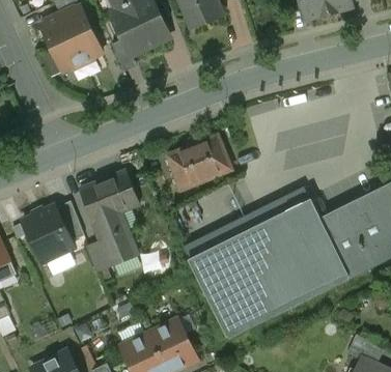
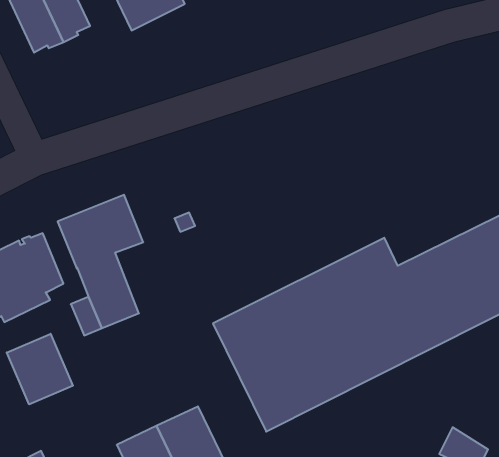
building: [167,138,228,192] -> none
building: none -> [7,334,73,404]

